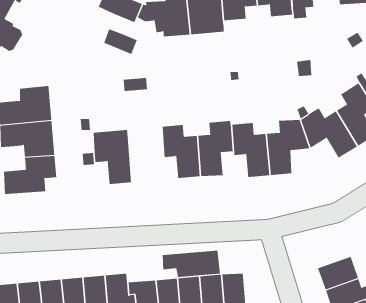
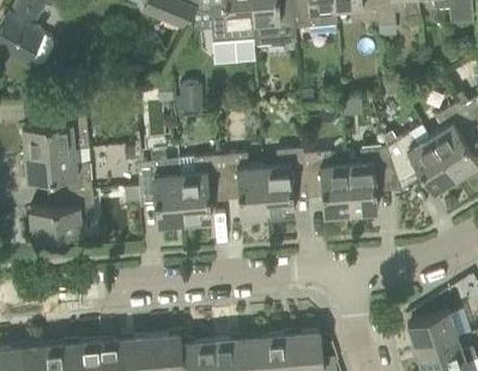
building: [104,29,138,55] -> none
building: none -> [180,156,223,223]
building: [162,250,220,278] -> none

